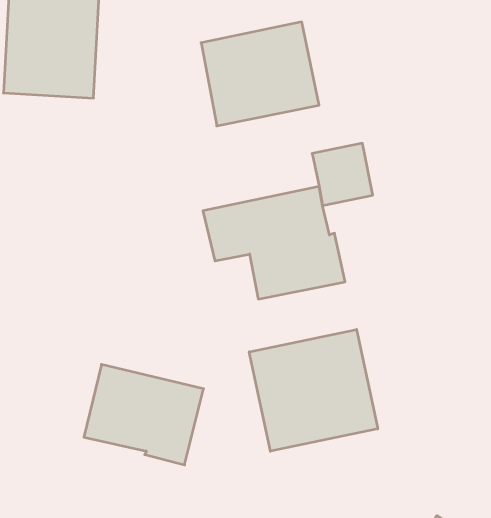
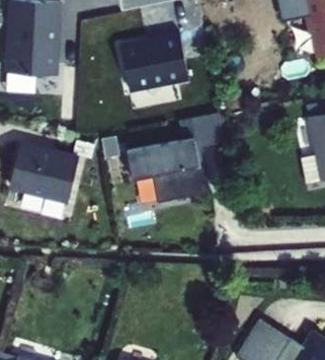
building: [249,329,378,451] -> none
building: [84,364,204,465] -> [9,153,79,212]

